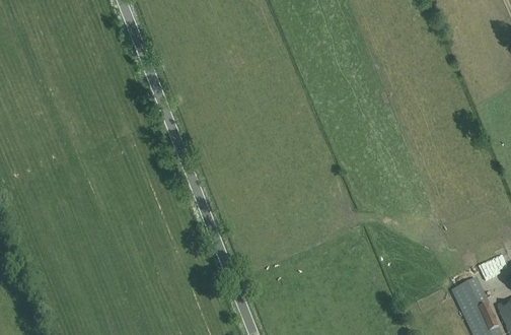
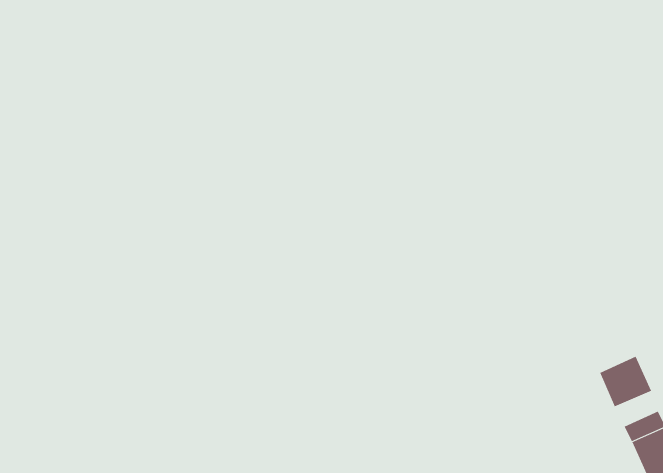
building: none -> [600,356,652,407]

